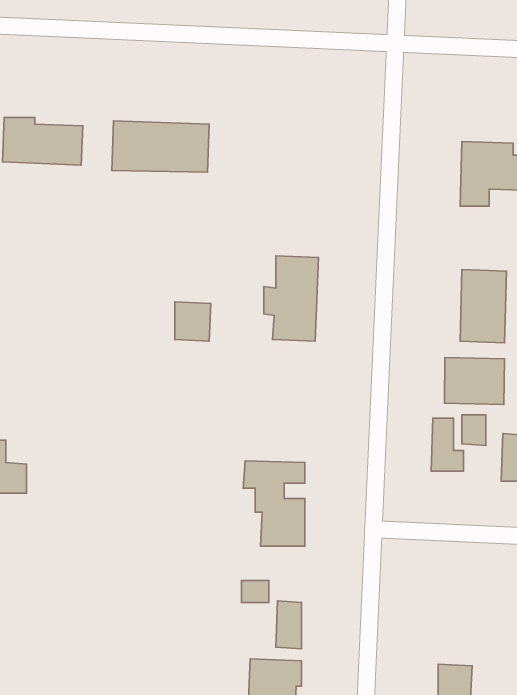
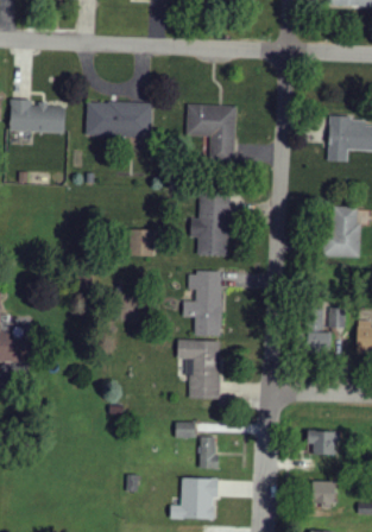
building: none -> [187,104,237,163]
building: [444,357,504,405] -> none
building: none -> [183,271,222,335]
building: none -> [308,430,336,454]

